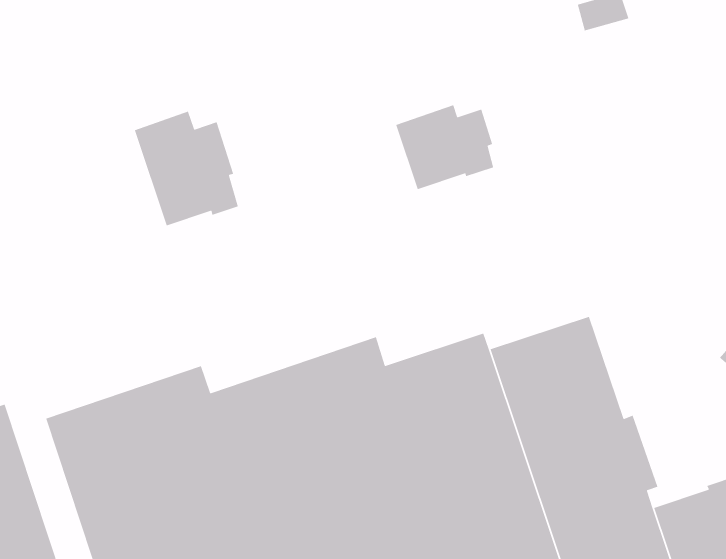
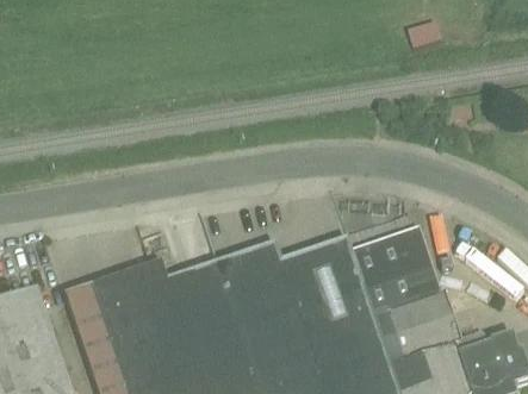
building: [395,104,494,190] -> none
building: [134,111,239,226] -> none

